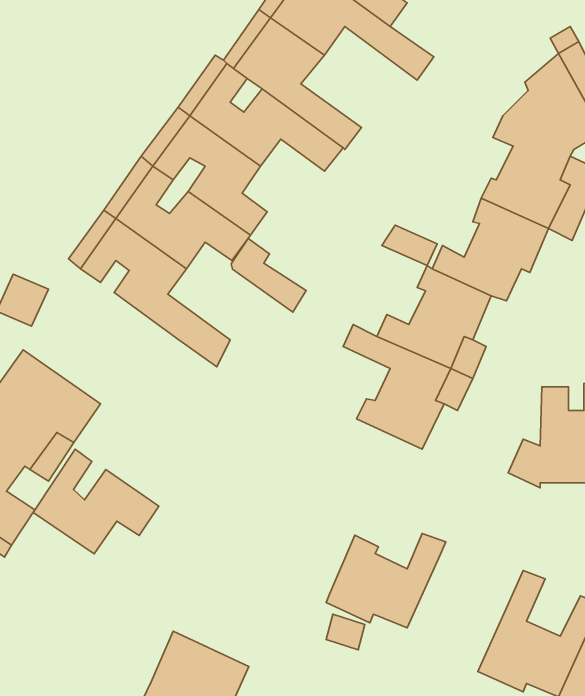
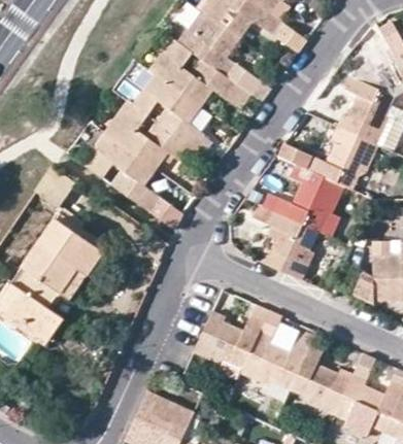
building: [231,238,306,312] -> none
building: [33,449,159,554] -> none
building: none -> [194,311,263,368]
building: none -> [291,345,352,415]

